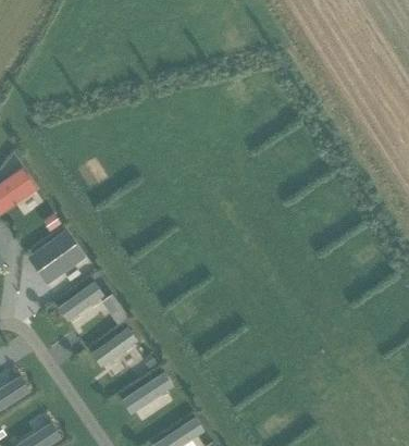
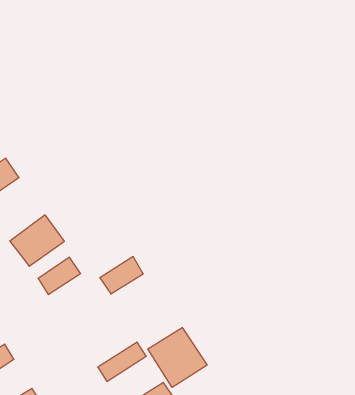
building: [91,322,138,362] -> [100,257,143,294]
building: none -> [148,328,207,387]

